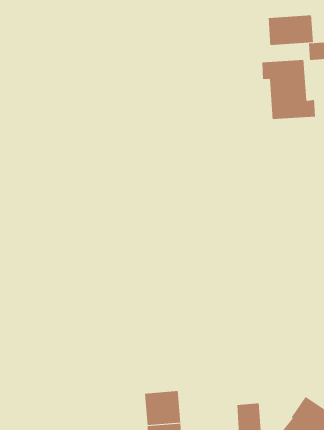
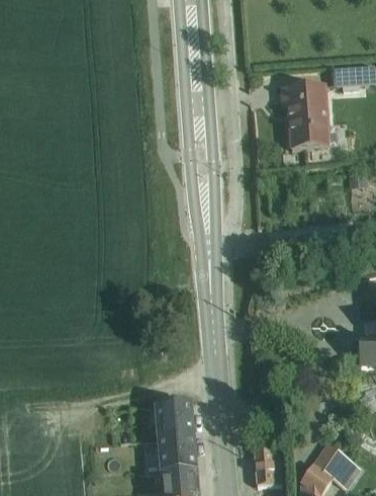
building: [268,15,313,46] -> none
building: none -> [155,402,193,439]

